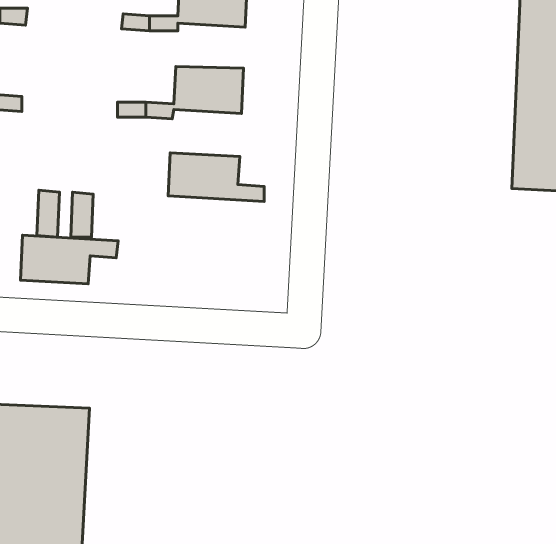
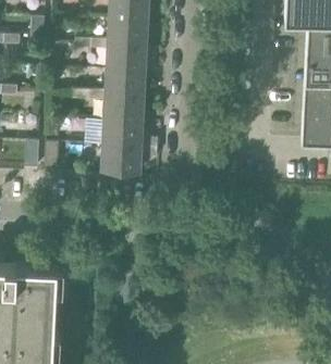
building: none -> [106,46,146,72]
building: none -> [102,96,144,123]
building: [21,235,118,284] -> [100,146,157,174]

